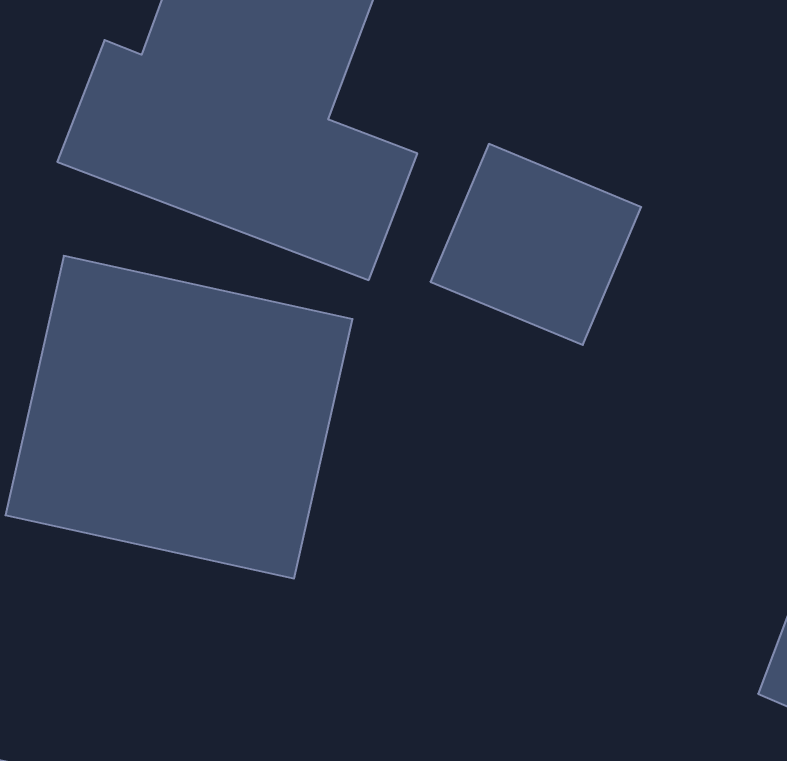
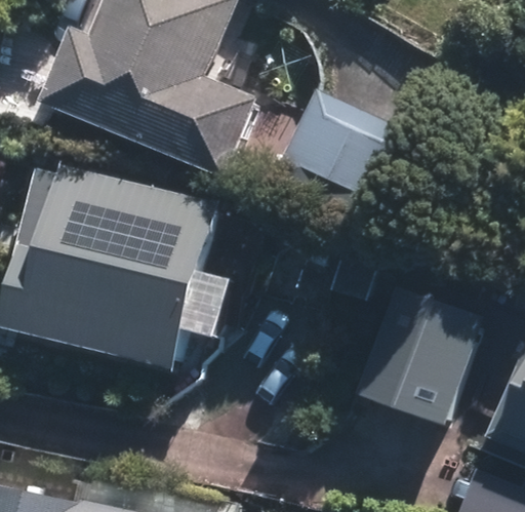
building: none -> [364,286,491,425]

